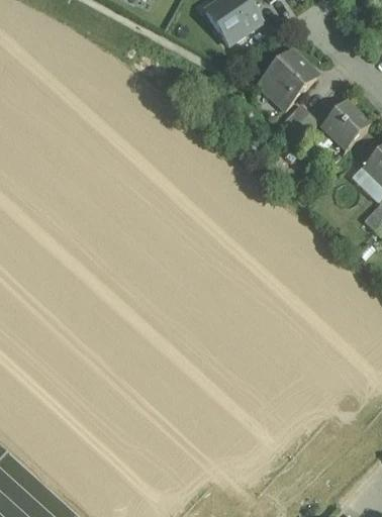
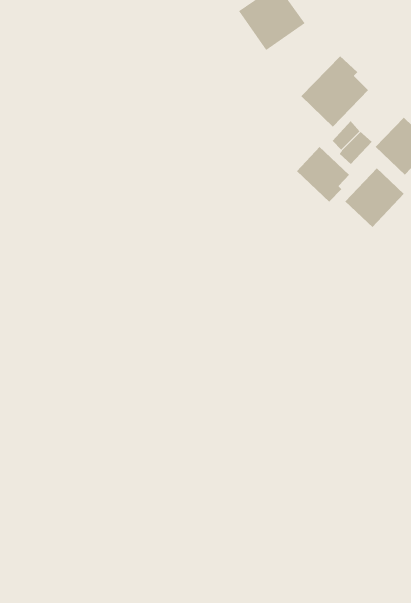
building: none -> [296,146,350,202]
building: none -> [345,168,404,228]

